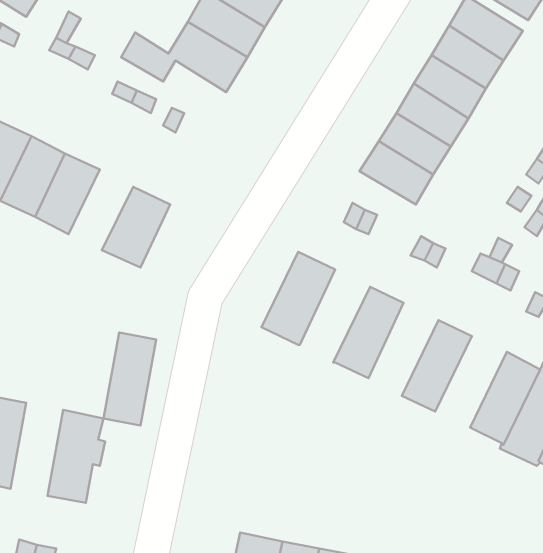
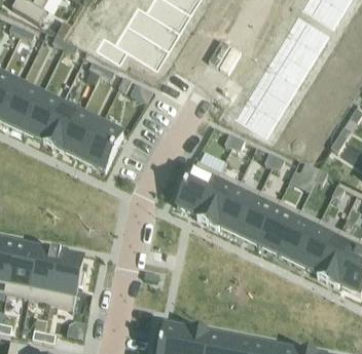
building: none -> [64,112,102,159]
building: none -> [197,170,241,227]
building: none -> [240,190,281,244]
building: [104,333,156,426] -> [30,248,61,303]
building: none -> [279,209,321,263]

